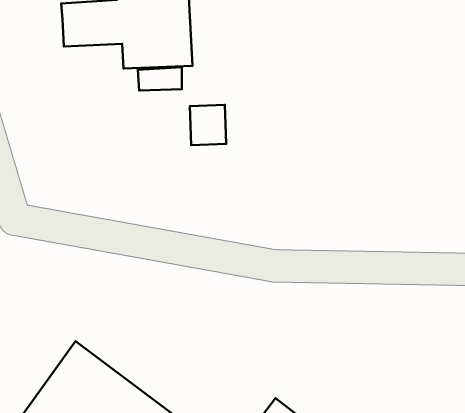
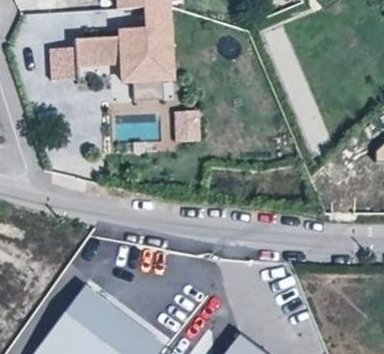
building: none -> [46,42,73,77]

